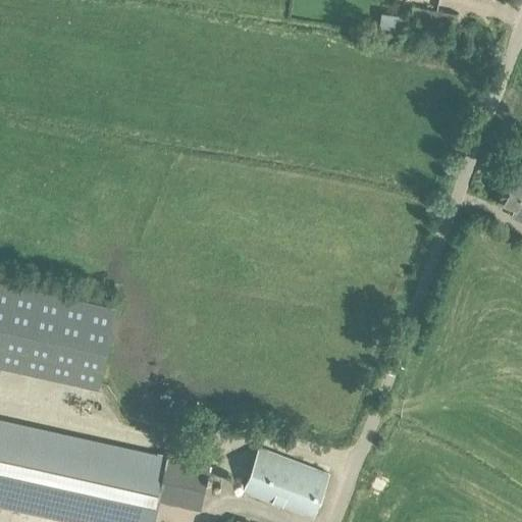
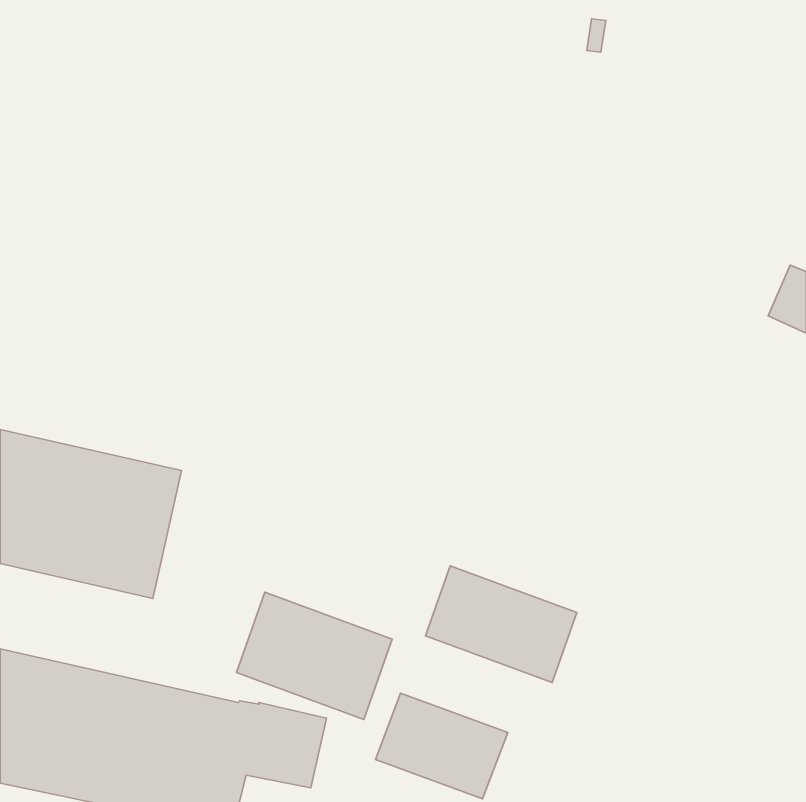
building: none -> [425,566,577,682]
building: none -> [236,592,392,719]

